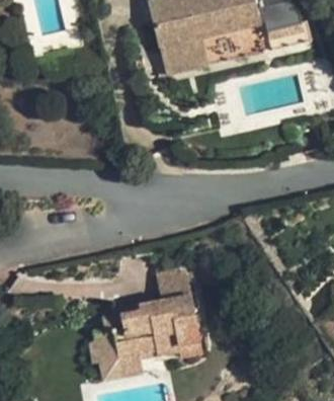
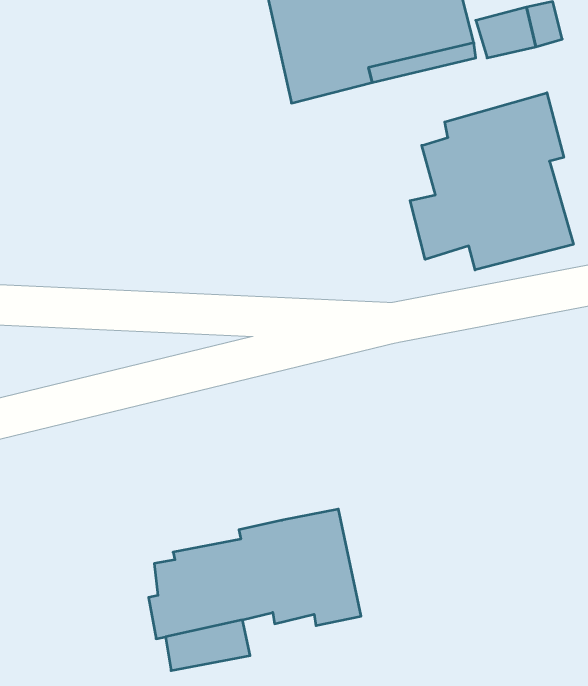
building: none -> [410,93,573,270]
building: [156,266,190,300] -> none

